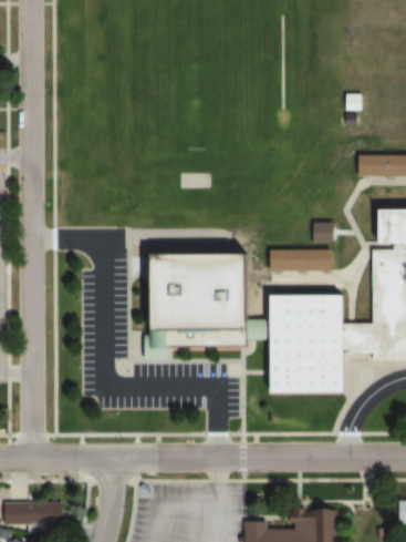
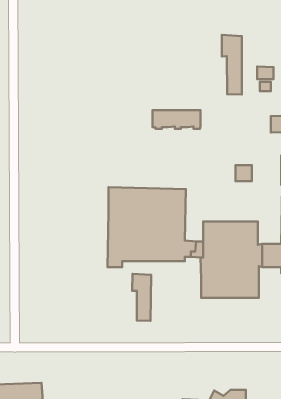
building: none -> [222,35,242,94]
building: [271,248,333,273] -> [152,110,201,129]
building: none -> [132,274,151,321]

